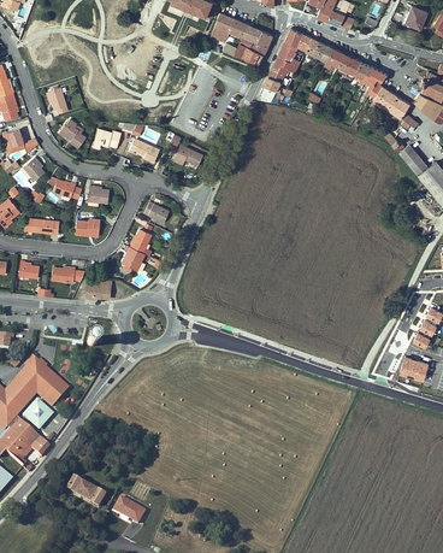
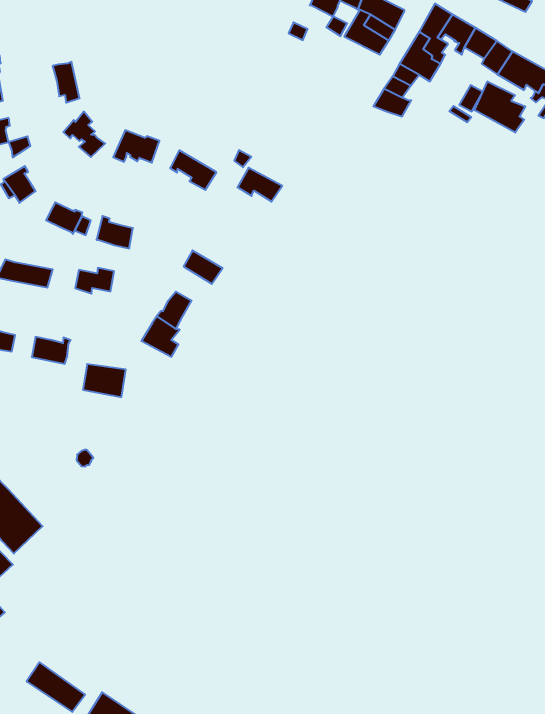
building: none -> [474,81,525,133]

